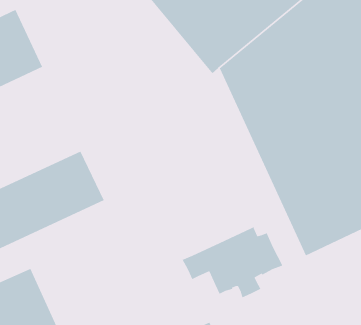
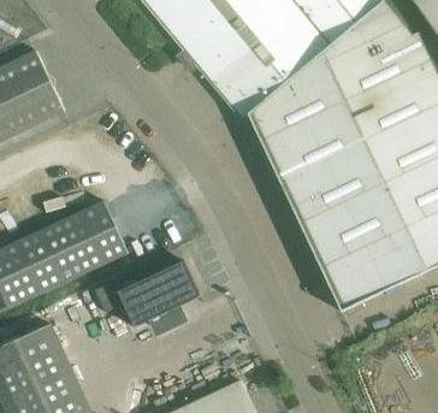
building: [182,225,283,298] -> [94,254,201,331]

